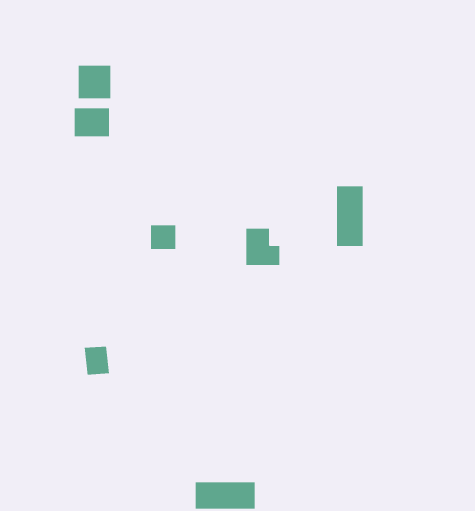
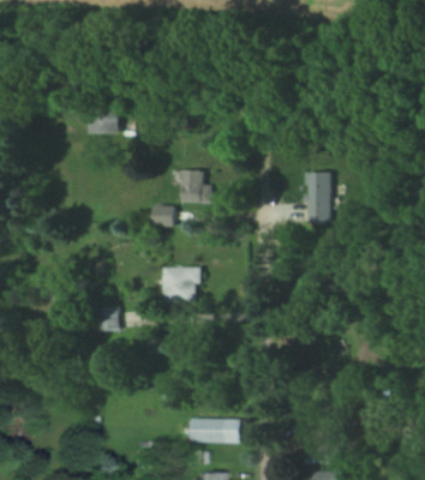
building: [78,65,111,99] -> none
building: [245,228,280,266] -> [182,170,211,202]
building: none -> [163,268,199,302]

